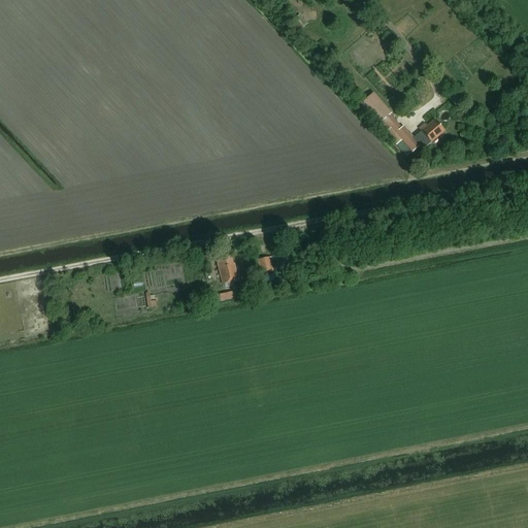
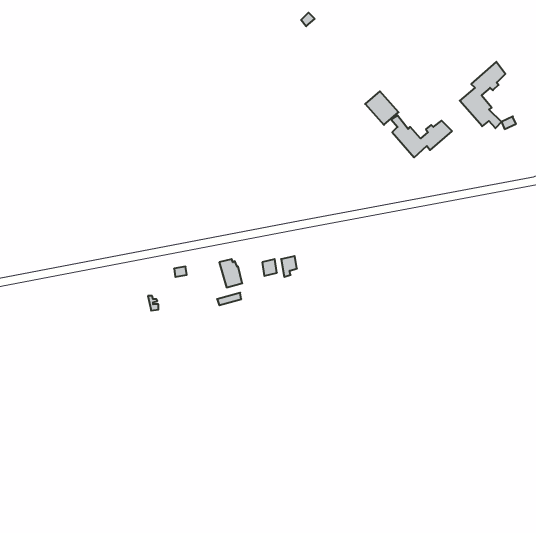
building: none -> [460,62,505,128]

